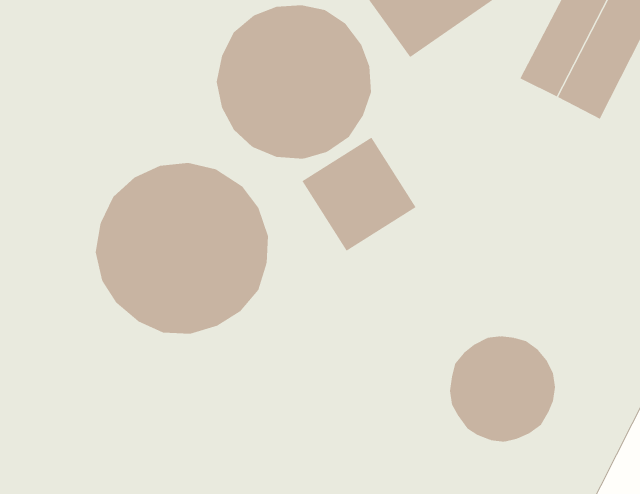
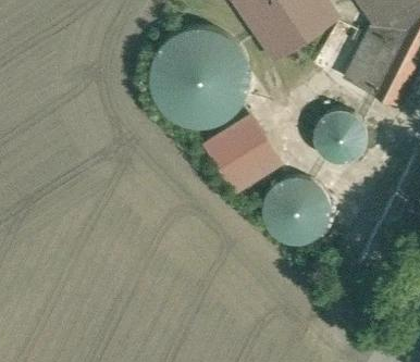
building: none -> [312,107,366,161]
building: [95,162,269,334] -> none
building: [449,336,556,442] -> [261,174,329,241]

